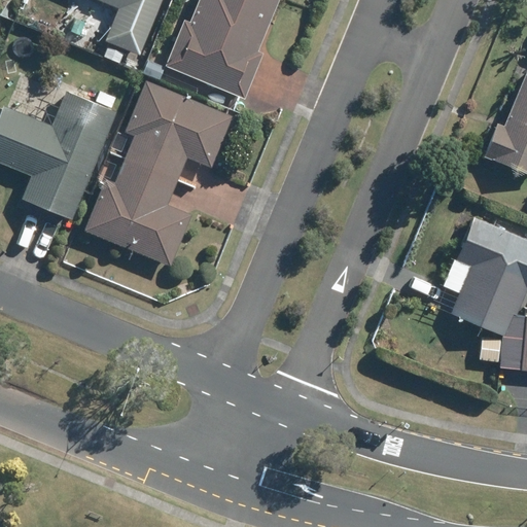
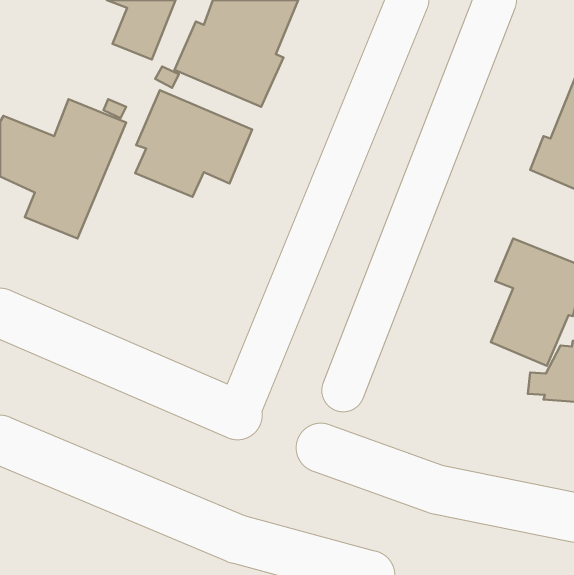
building: [87,159,192,267] -> none

